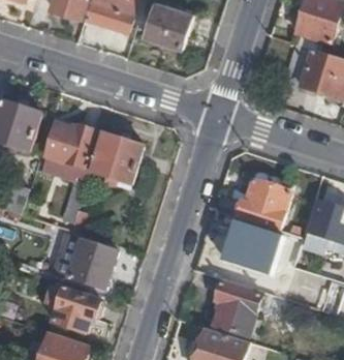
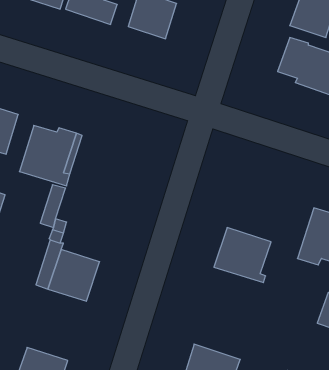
building: [91,134,144,187] -> none
building: [238,182,290,231] -> none
building: [214,282,261,338] -> none
building: [45,287,101,334] -> none

